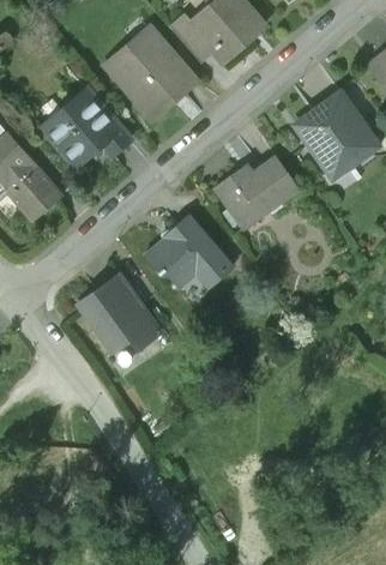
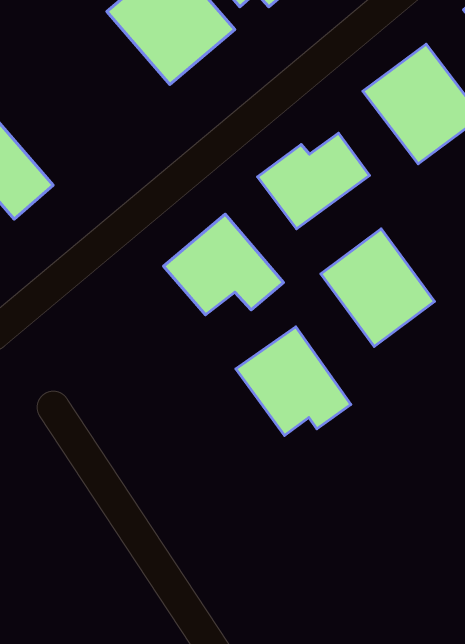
building: [37,85,131,167] -> none
building: none -> [321,229,435,347]
building: [74,274,159,354] -> [236,327,351,435]

